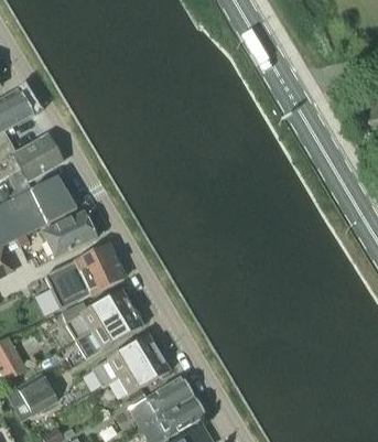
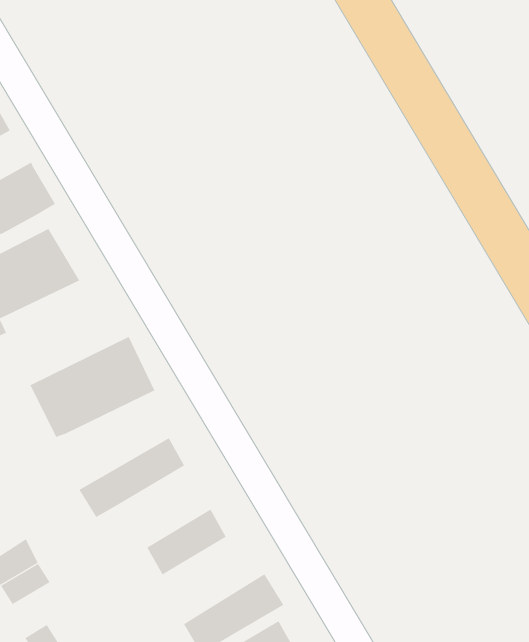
building: [41,211,95,257] -> none
building: [62,289,132,341] -> none
building: [91,334,159,386] -> none
building: [129,375,193,425] -> none

